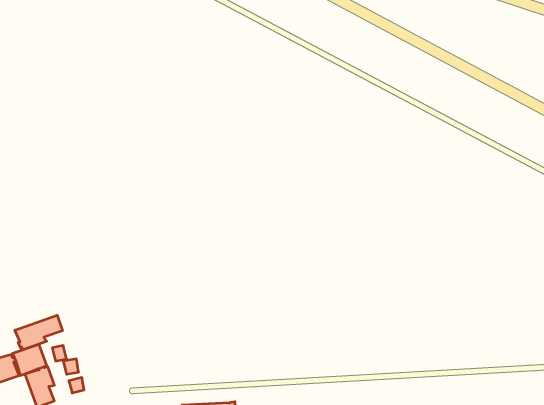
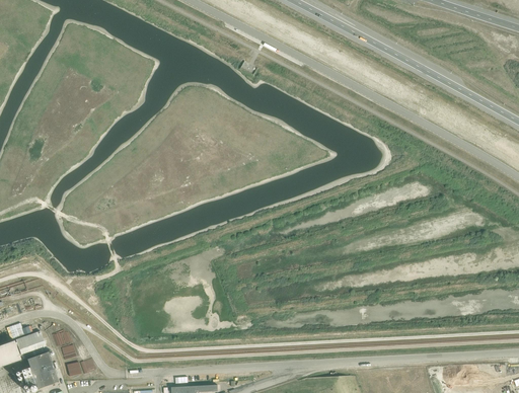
building: [15,315,62,350] -> none

